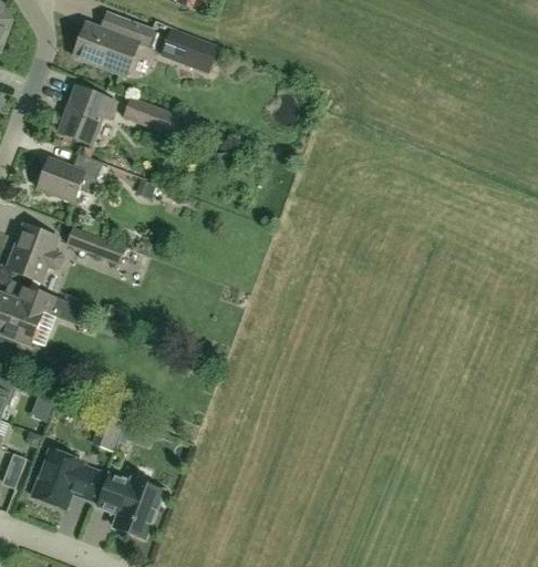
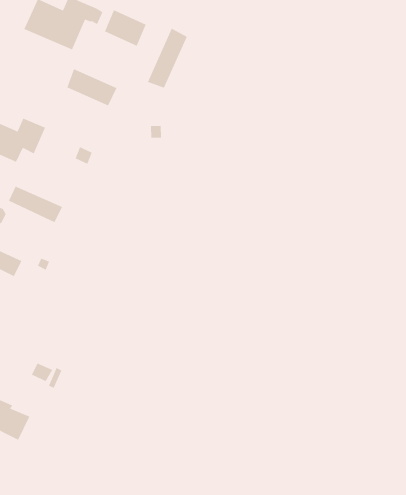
building: none -> [147,28,187,89]
building: [58,84,114,142] -> none
building: [99,476,163,540] -> none

